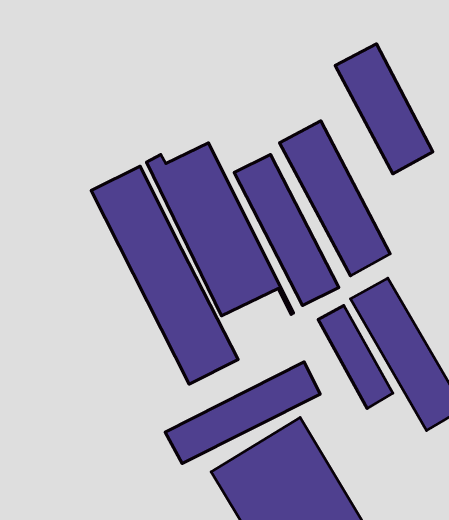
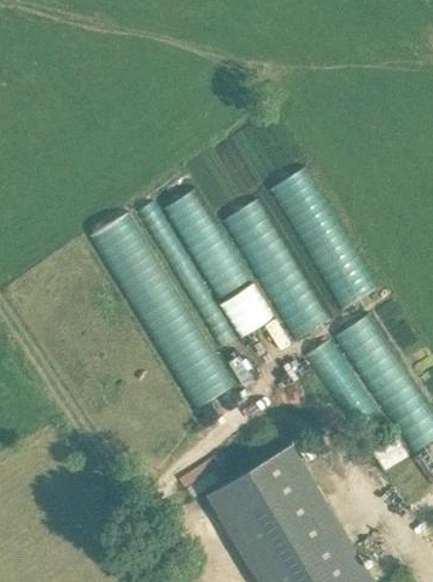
building: [335,44,433,174] -> none
building: [165,362,320,463] -> none

